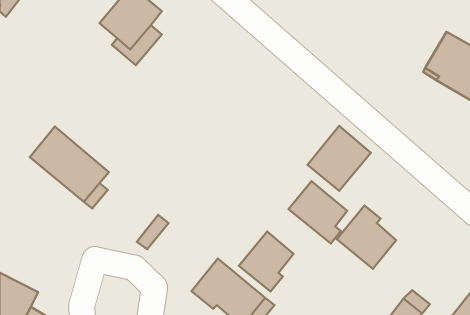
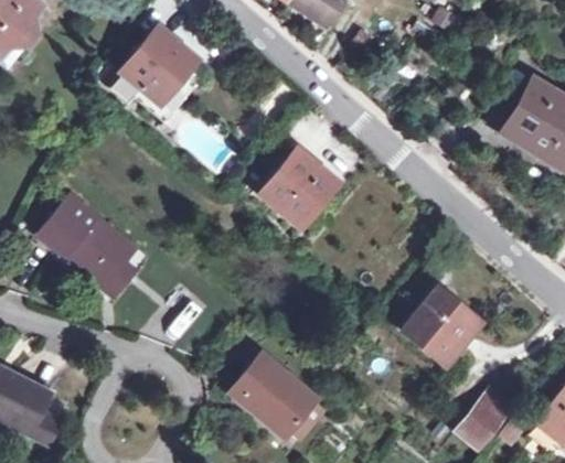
building: [308,126,371,191] -> [260,148,335,225]
building: [288,181,347,244] -> none
building: [239,232,294,291] -> none

